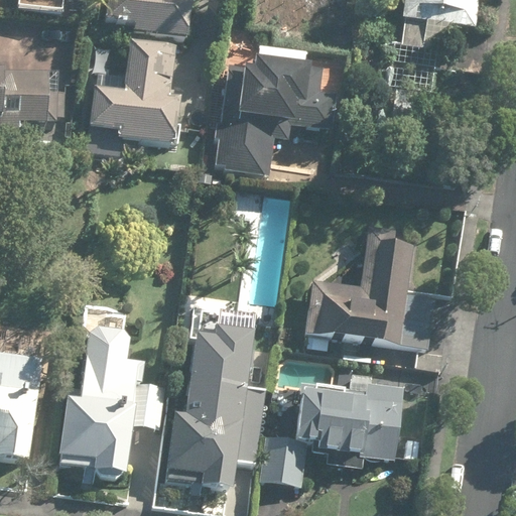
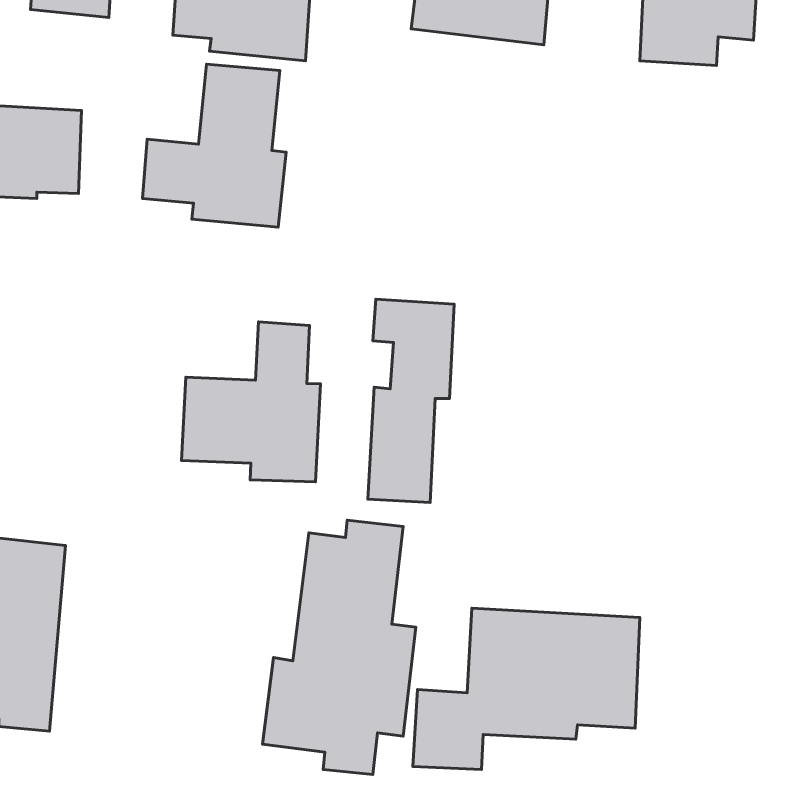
building: [210,56,333,166] -> none
building: none -> [181,322,321,482]
building: [304,238,431,348] -> none
building: [61,333,162,474] -> none

